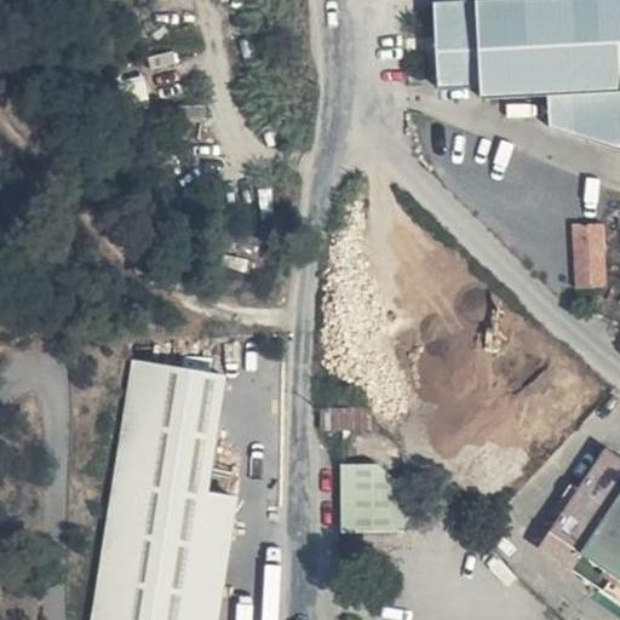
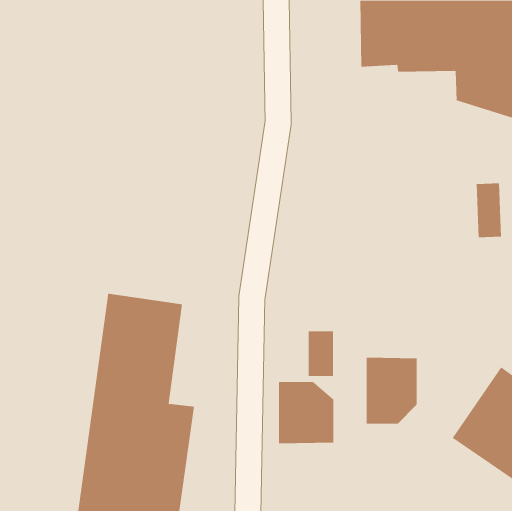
building: none -> [308,331,334,377]
building: none -> [366,357,417,424]

